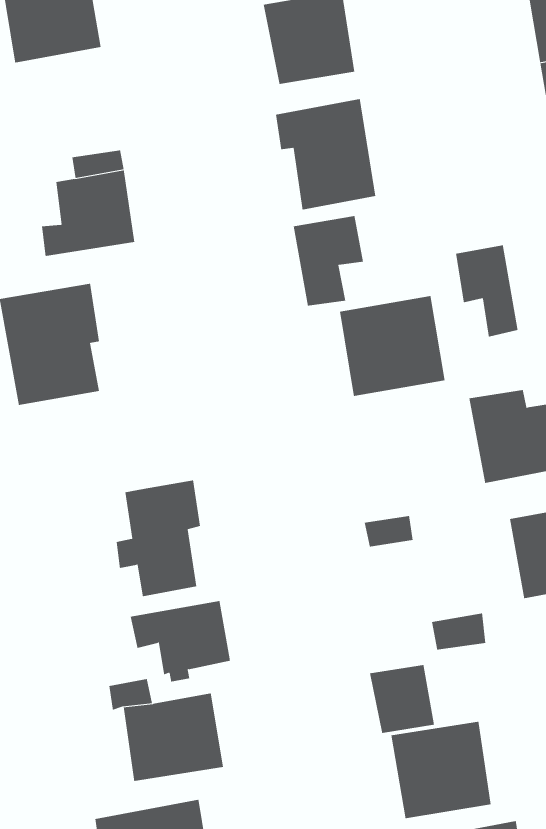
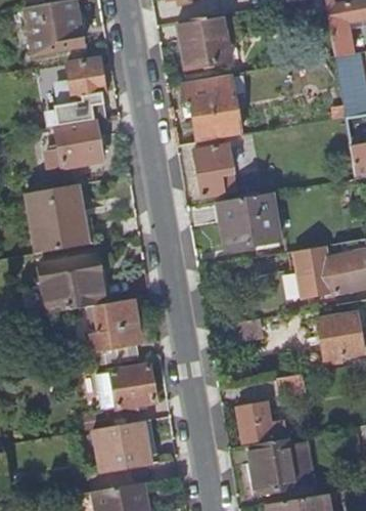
building: none -> [56,60,105,105]
building: [455,245,518,337] -> none
building: none -> [41,256,105,312]

